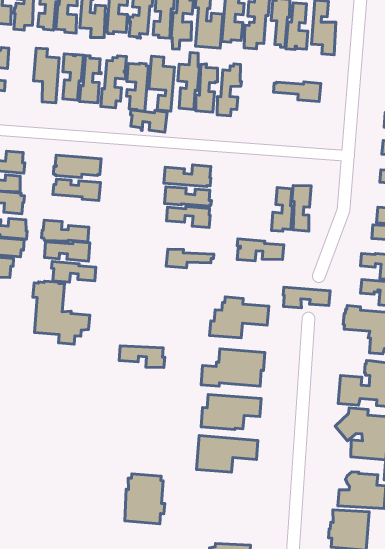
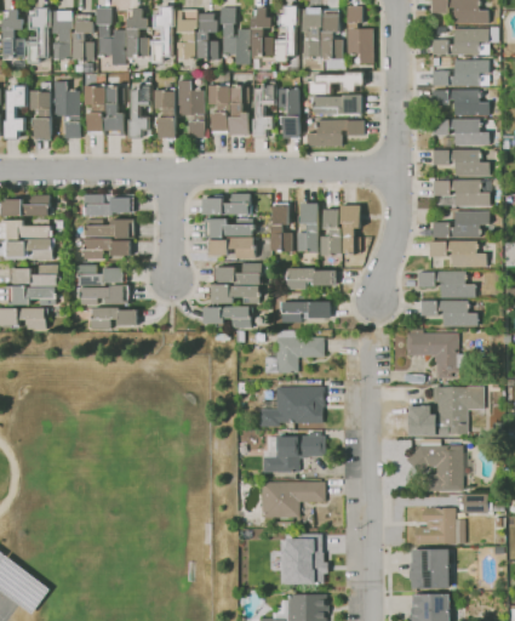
building: none -> [30,82,51,139]
building: none -> [311,72,364,95]
building: none -> [279,87,299,138]
building: none -> [307,120,365,147]
building: [130,110,167,132] -> none
building: none -> [271,204,292,252]
building: none -> [297,204,319,251]
building: none -> [84,239,131,260]
building: none -> [216,263,261,284]
building: [33,281,90,344] -> none
building: [283,287,330,308] -> [281,302,331,323]
building: [119,346,165,367] -> [204,307,252,329]
building: [125,474,165,524] -> [285,534,327,585]

